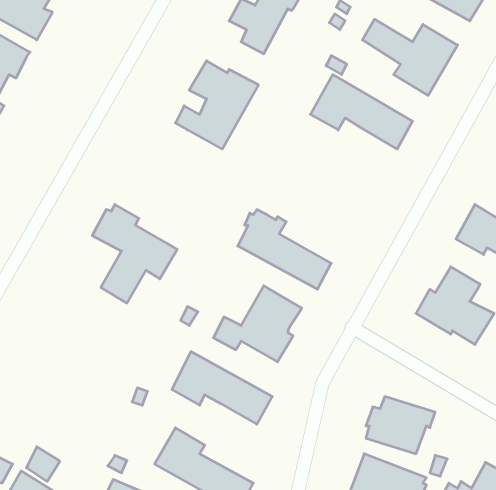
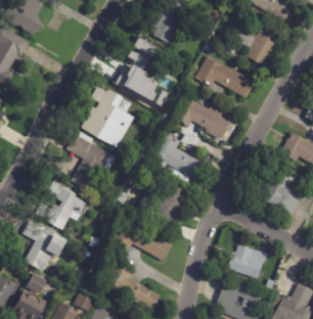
building: none -> [81,86,135,148]
building: none -> [172,95,235,142]
building: none -> [43,181,86,230]
building: none -> [21,220,69,271]

